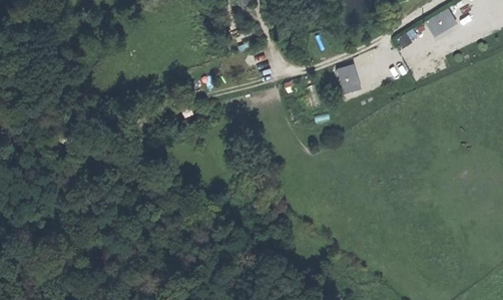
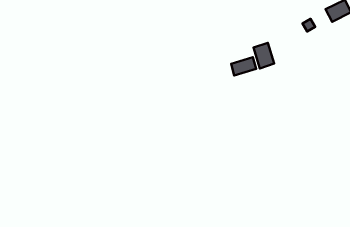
building: none -> [231,57,256,76]

